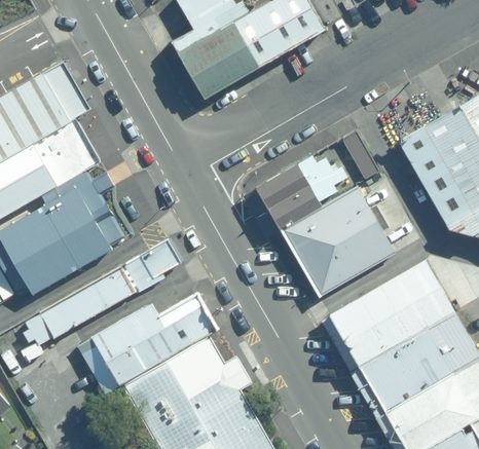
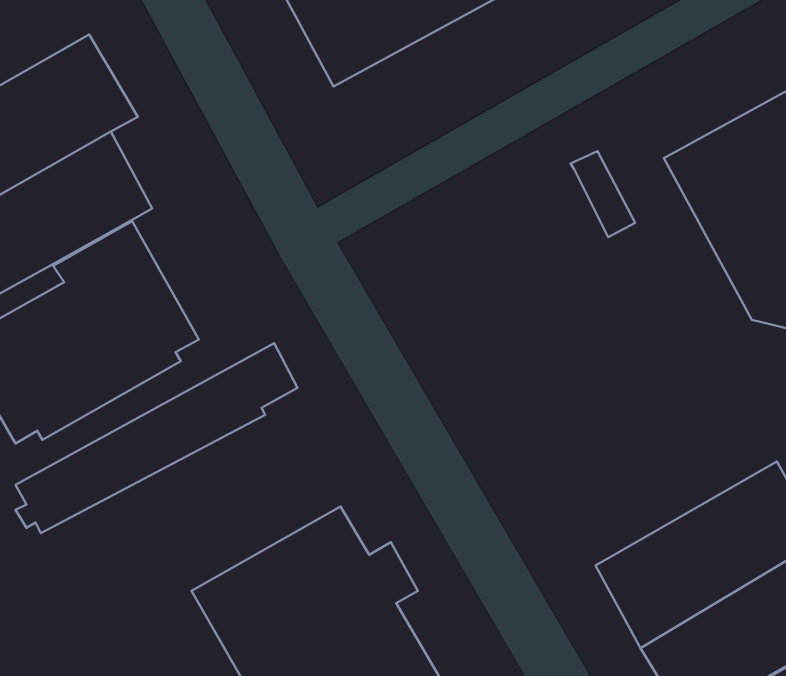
building: [253,154,351,228] -> none
building: [280,189,391,292] -> none
building: [325,257,458,369] -> none
building: [76,292,220,395] -> none

